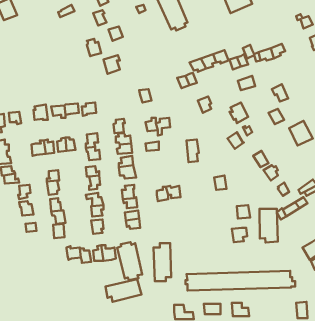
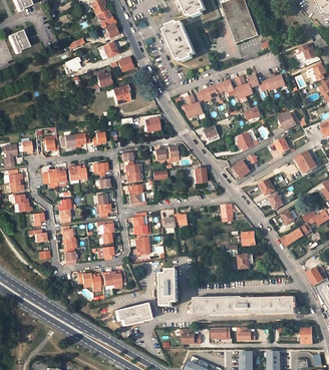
building: [260,209,278,242] -> none
building: [117,242,142,280] -> none

